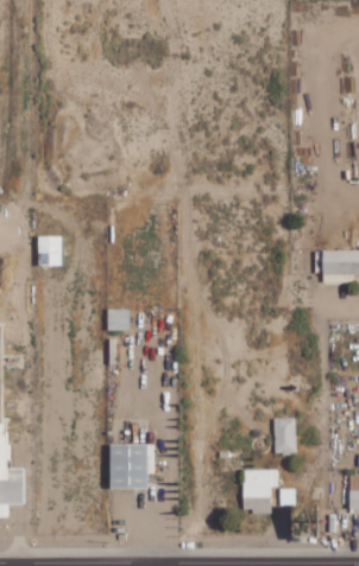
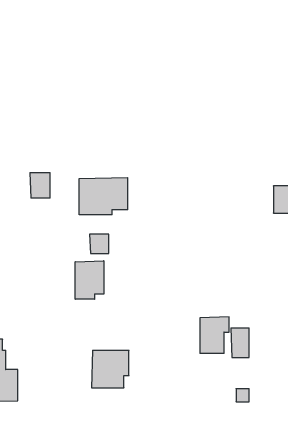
building: none -> [79,178,128,215]
building: none -> [75,261,104,299]
building: [243,470,277,513] -> [200,317,229,353]

